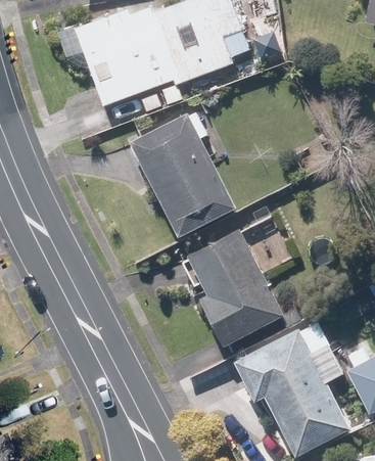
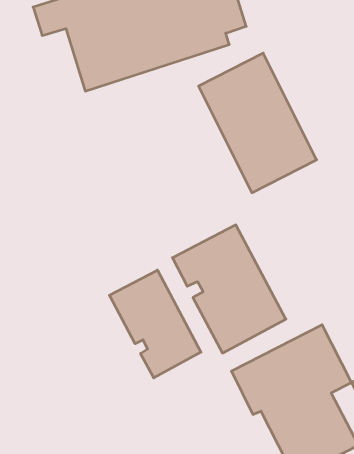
building: [131,110,237,236] -> [199,53,317,193]
building: none -> [109,270,201,378]

